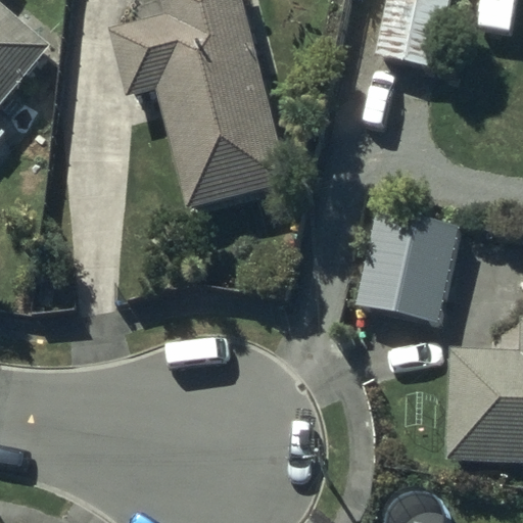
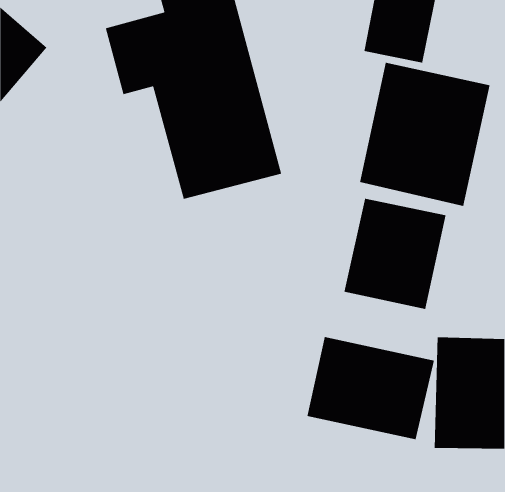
building: none -> [359,62,491,207]
building: none -> [306,336,435,440]

